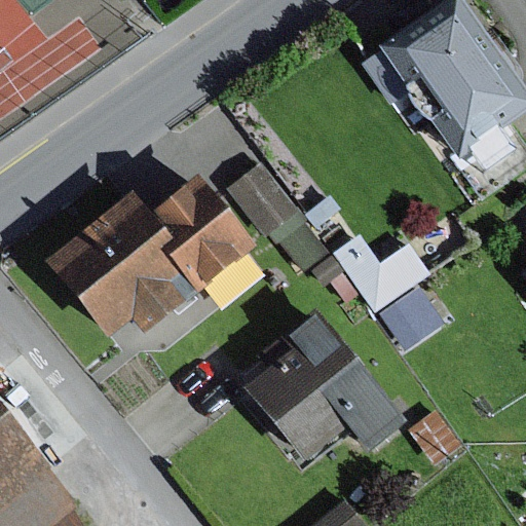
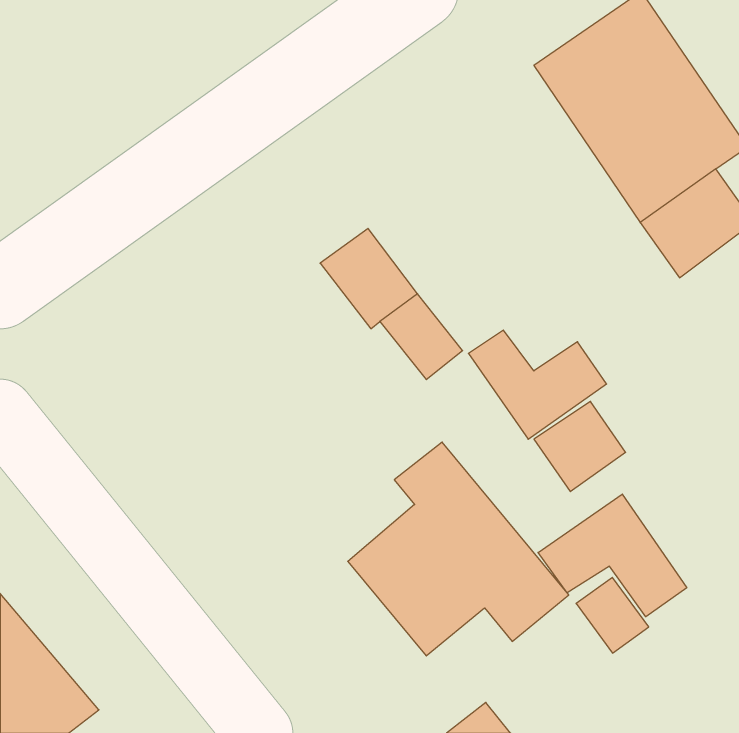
building: [45,177,253,337] -> none
building: none -> [538,494,687,617]

